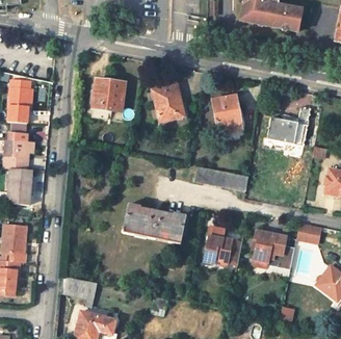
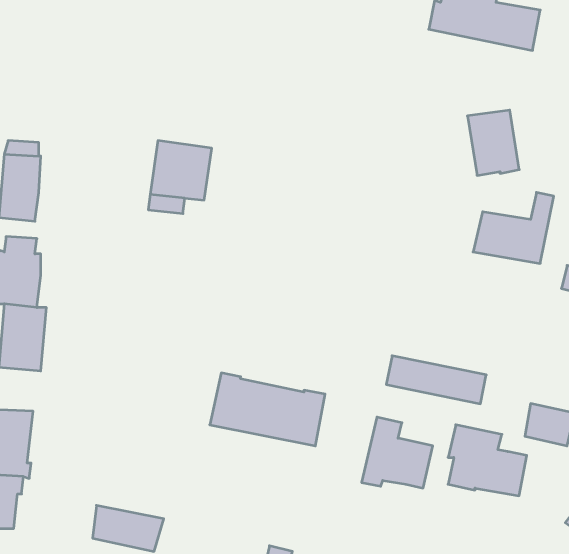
building: [151,83,182,123] -> none
building: [212,96,240,131] -> [467,110,519,175]
building: [192,164,246,190] -> [386,356,486,404]

